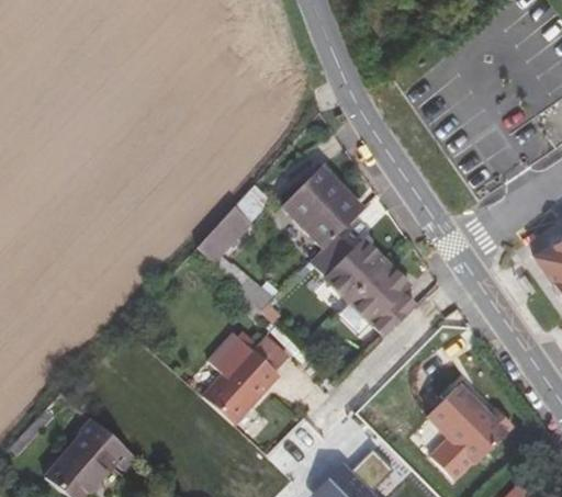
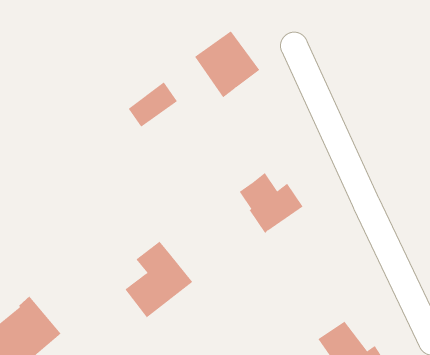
building: [283,168,361,247] -> [194,30,260,98]
building: [196,208,252,266] -> [128,81,178,127]
building: [350,263,416,328] -> none

